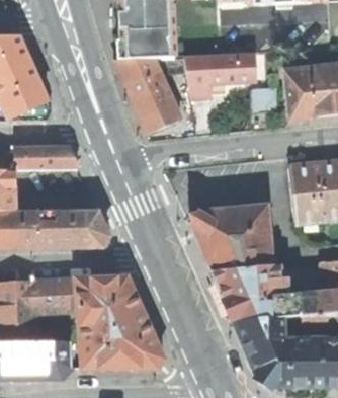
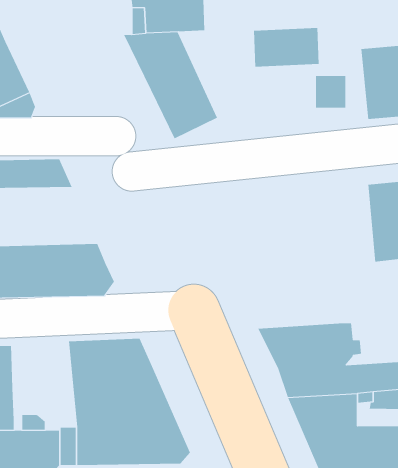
building: [185,55,208,96] -> none
building: [189,204,272,268] -> none
building: [34,277,78,311] -> none

